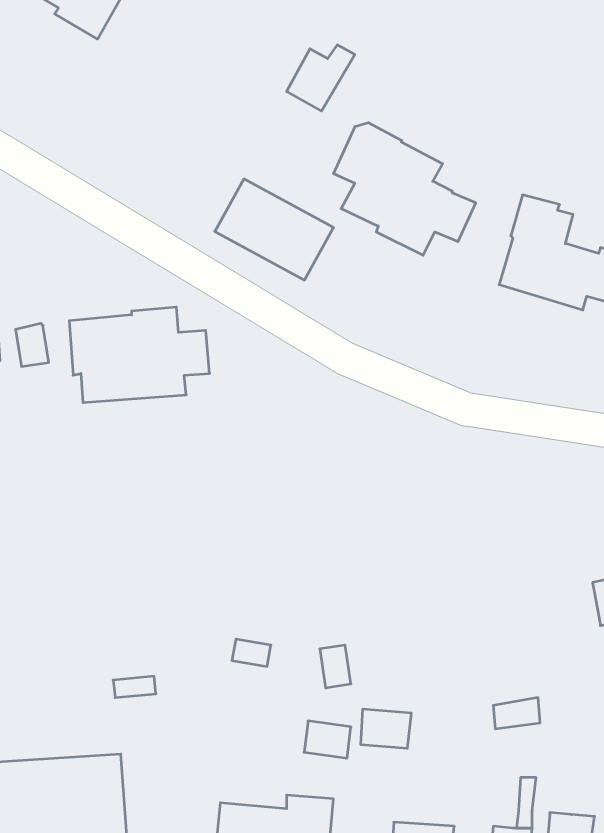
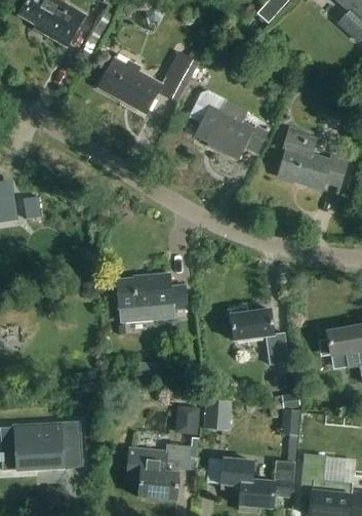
building: [215,179,334,280] -> [98,59,161,113]
building: [69,307,210,403] -> [113,273,187,323]
building: none -> [230,306,288,364]

